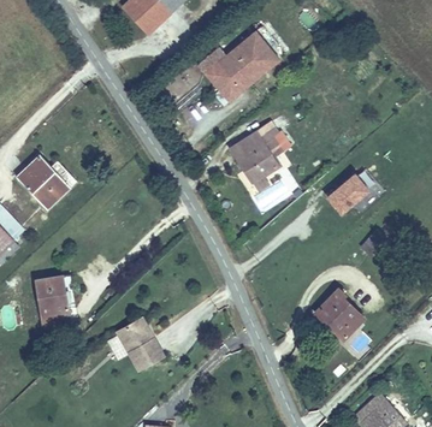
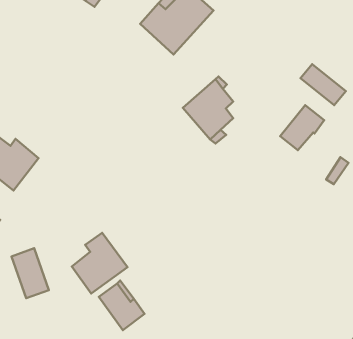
building: none -> [301,64,346,105]
building: none -> [72,233,128,293]
building: [314,289,362,338] -> none

